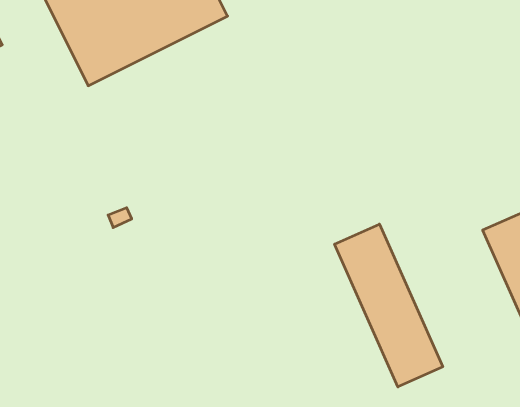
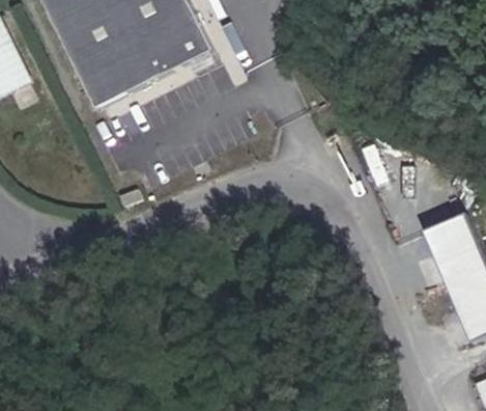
building: [335,224,443,387] -> none

